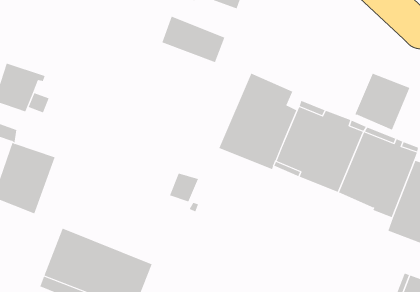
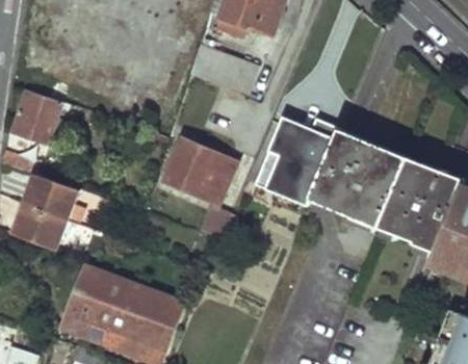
building: [355,73,410,130] -> none
building: none -> [166,139,237,207]

